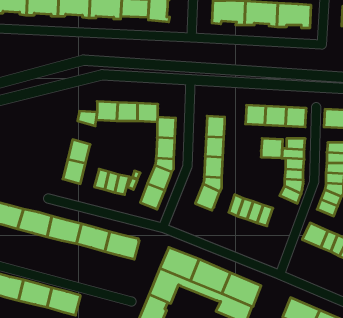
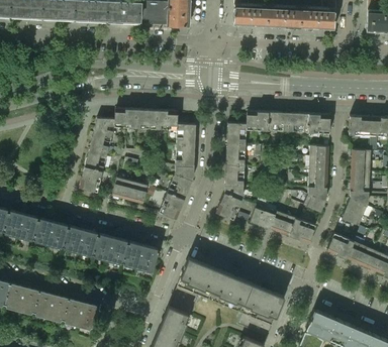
building: none -> [90,128,113,152]
building: [261,138,283,158] -> [247,111,269,131]
building: none -> [290,218,315,243]

